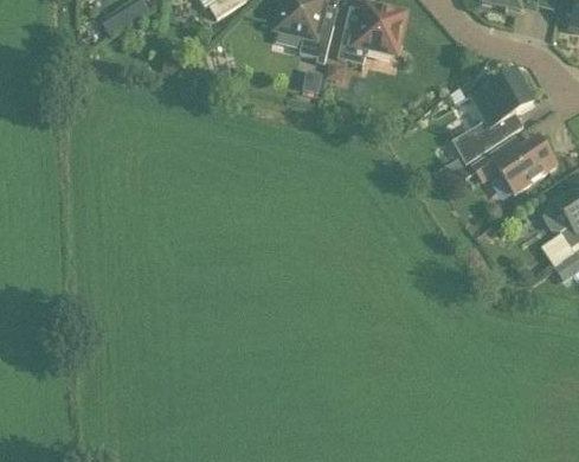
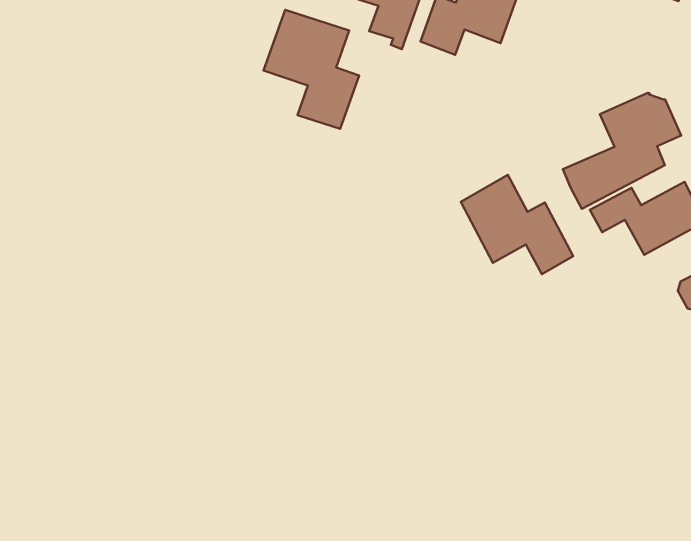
building: none -> [264,10,359,129]
building: none -> [461,175,573,274]

